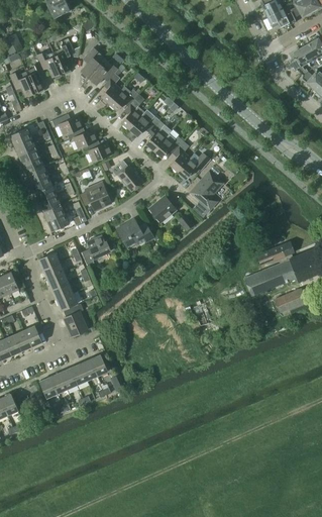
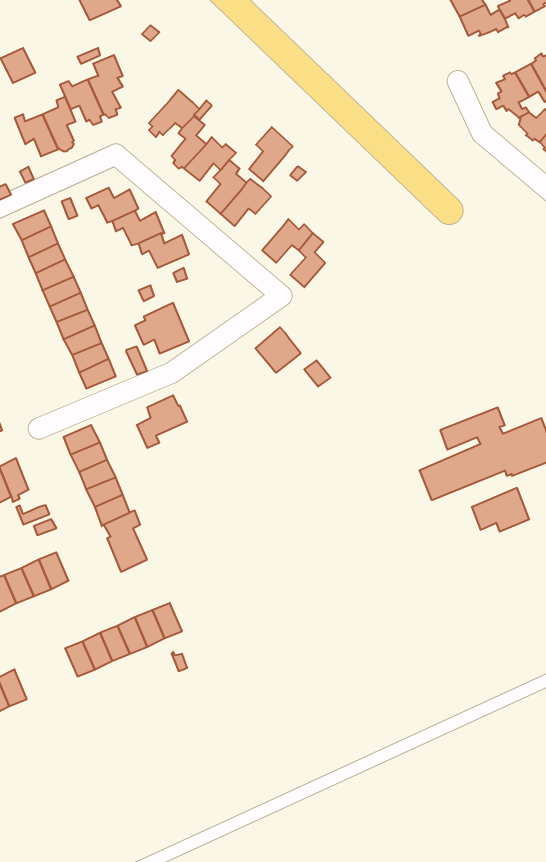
building: [81,47,105,79] -> none
building: [145,119,171,150] -> [249,127,293,181]
building: [178,152,211,179] -> none
building: [111,160,142,191] -> none
building: [190,170,223,216] -> none
building: [116,220,151,248] -> none

